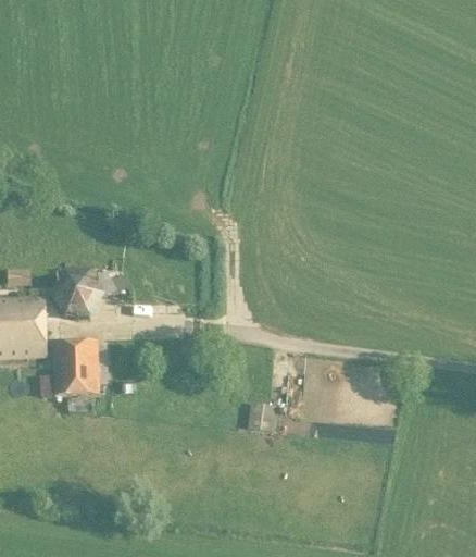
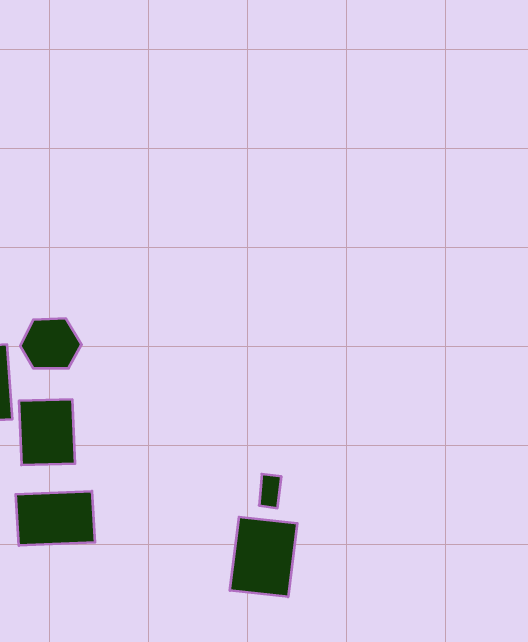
building: none -> [16,491,95,546]
building: none -> [230,517,297,597]

